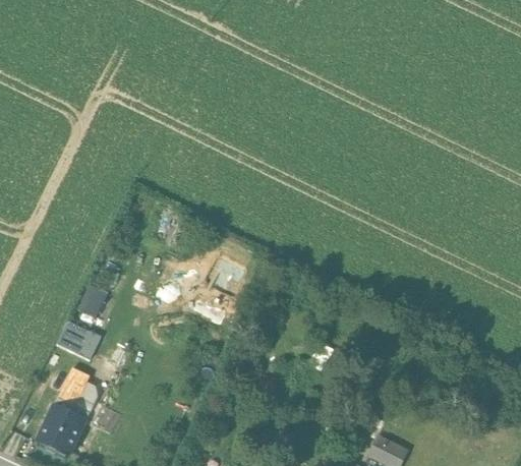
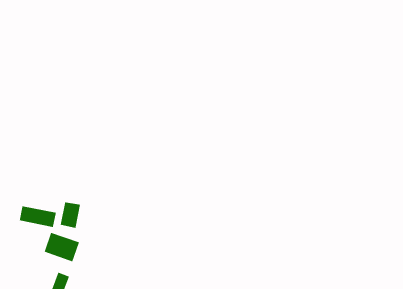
building: none -> [19,205,56,228]

